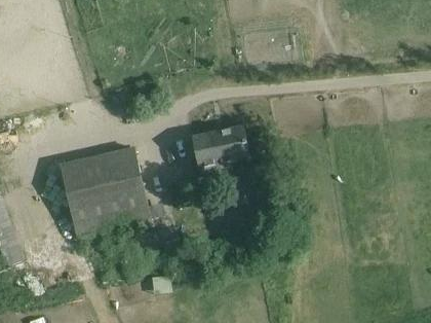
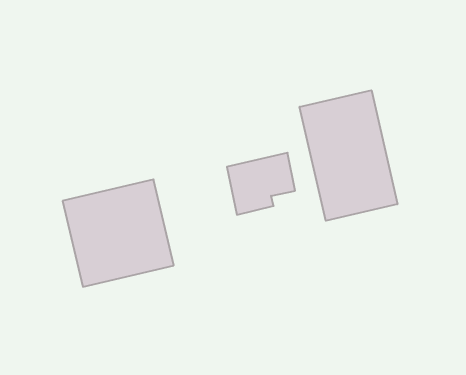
building: none -> [300,90,397,221]

